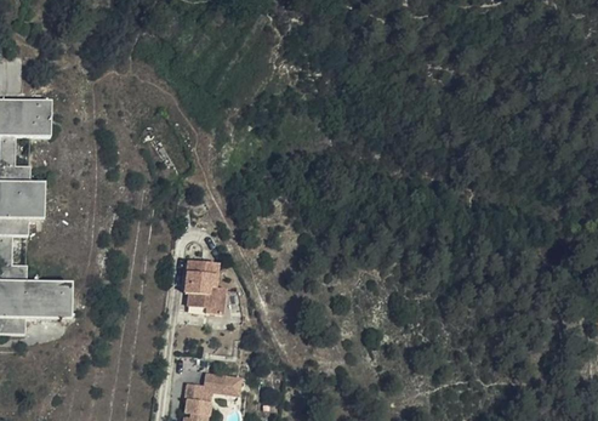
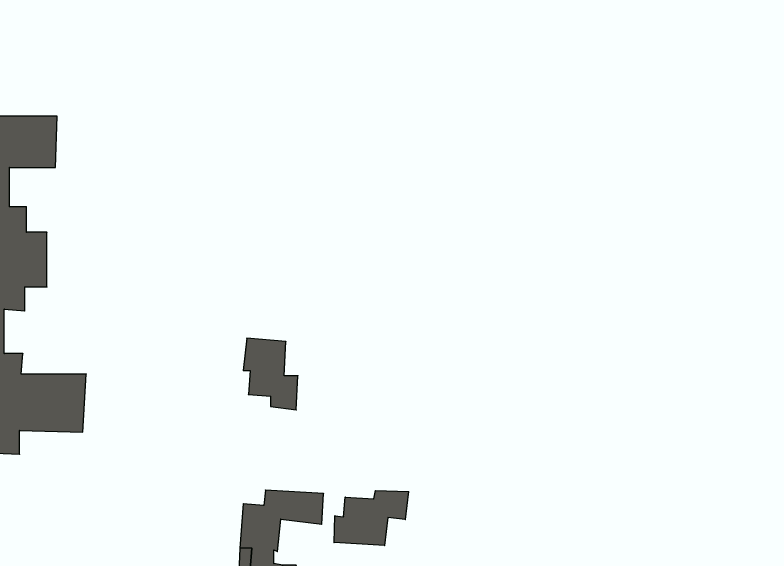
building: none -> [334,491,409,546]

